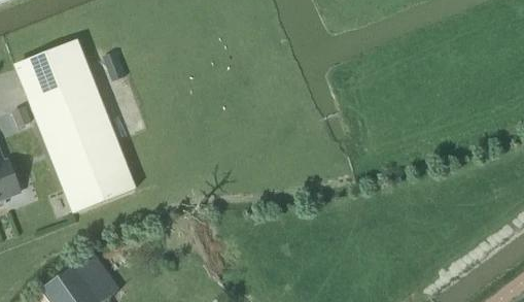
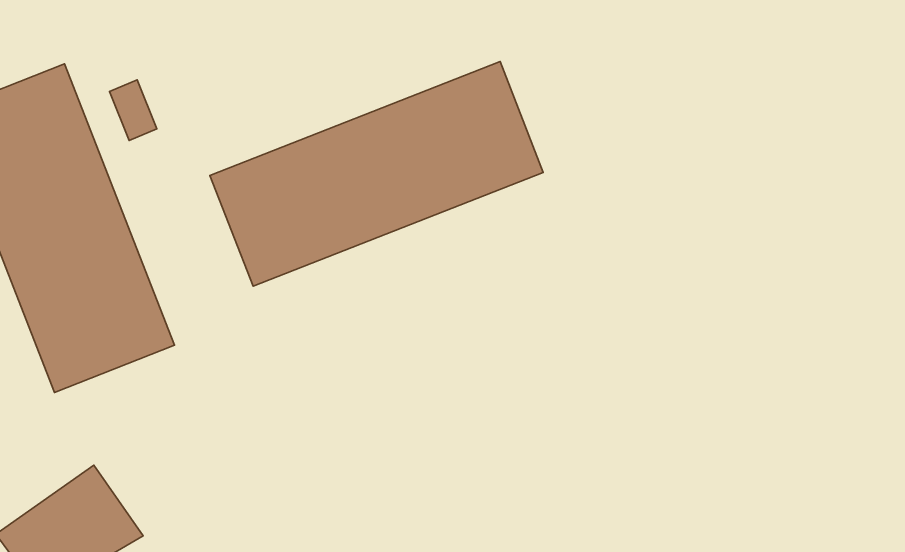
building: none -> [210,62,543,286]

